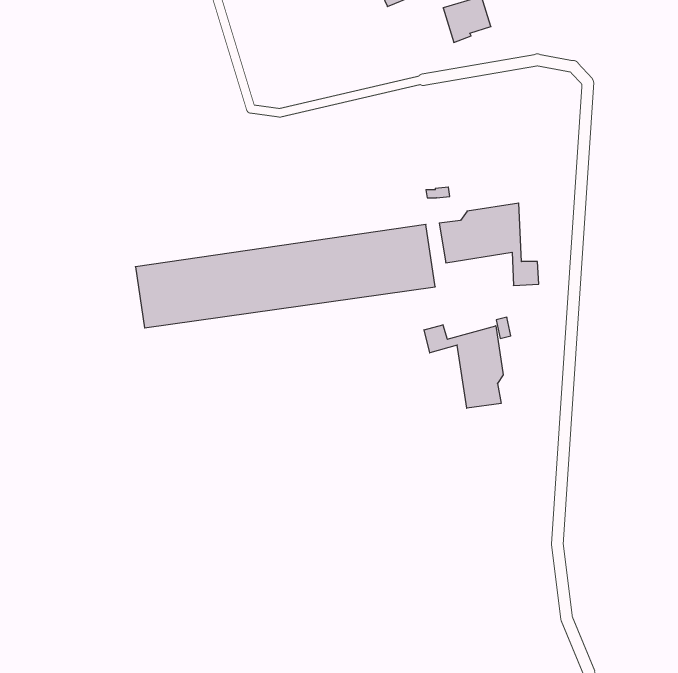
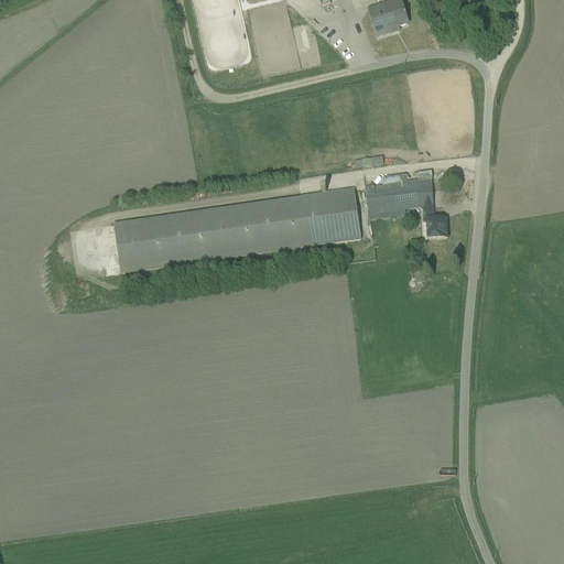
building: [424,325,503,408] -> none

